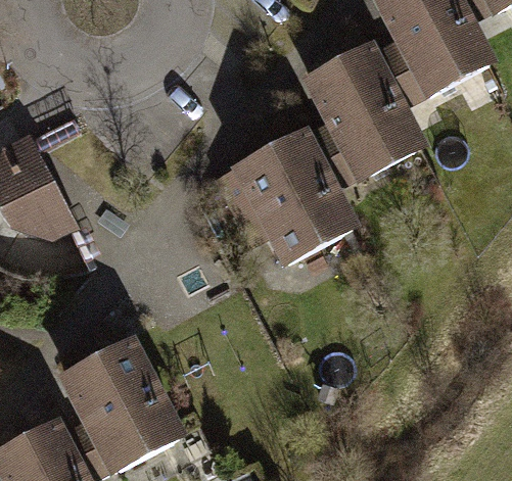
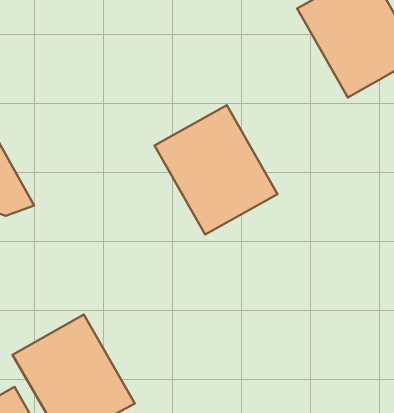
building: [287,35,421,176] -> none

